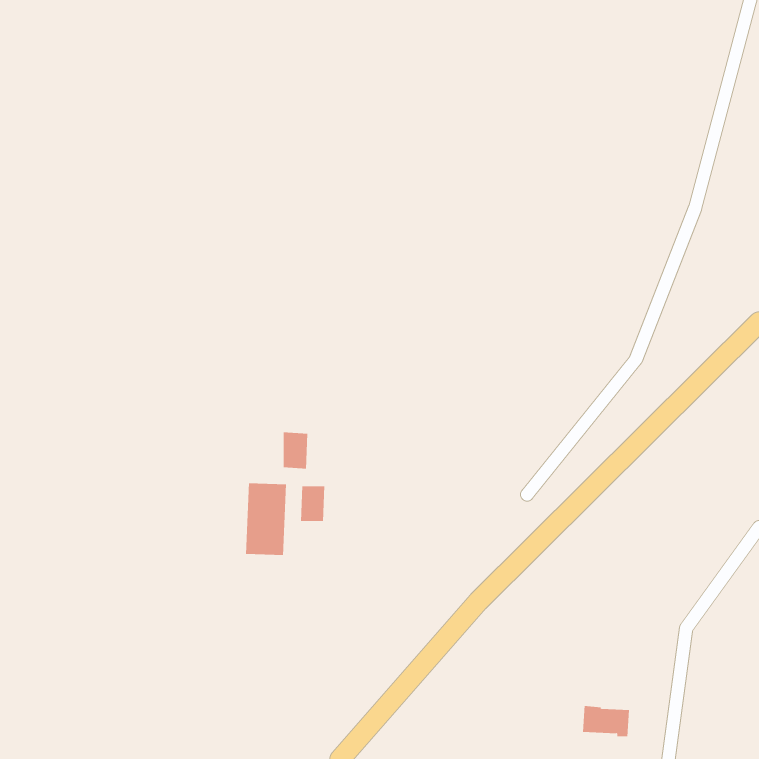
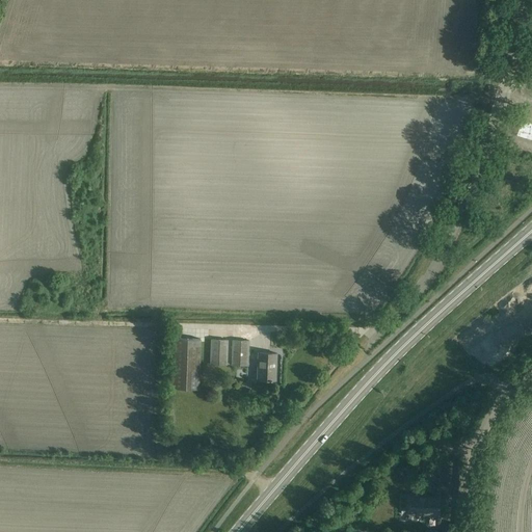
building: [283,432,308,469] -> [232,340,249,366]
building: none -> [257,352,276,380]

